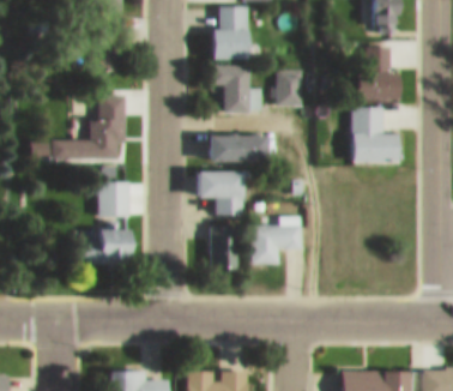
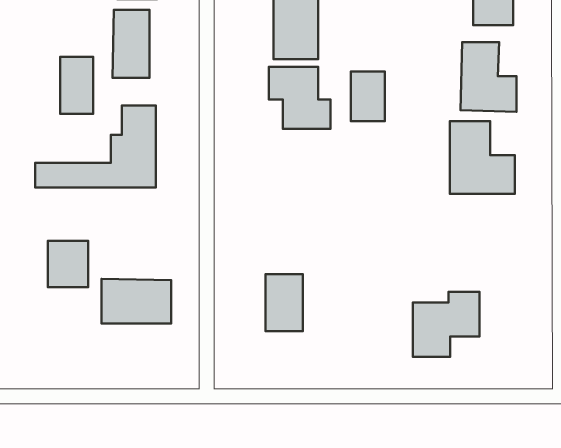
building: none -> [60,57,93,114]
building: [210,134,268,162] -> none
building: [198,172,246,215] -> none
building: [97,180,128,216] -> [48,241,88,287]
building: [250,216,302,266] -> [413,292,479,357]

